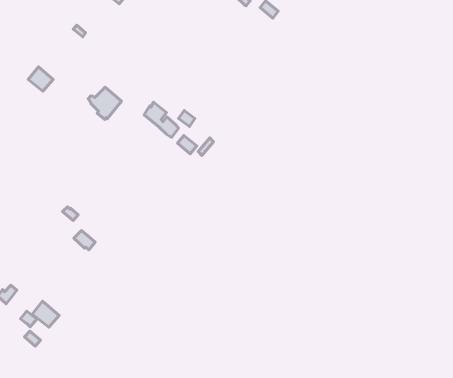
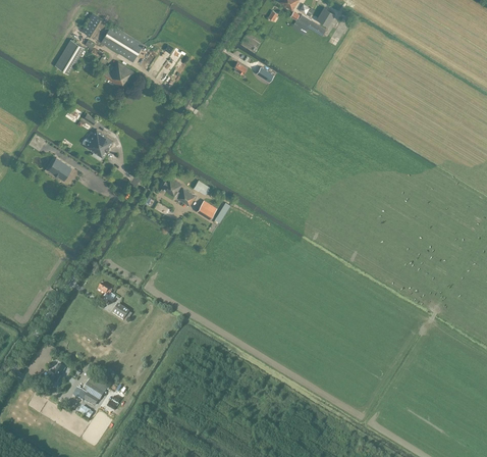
building: [88,87,122,120] -> [83,129,114,159]

